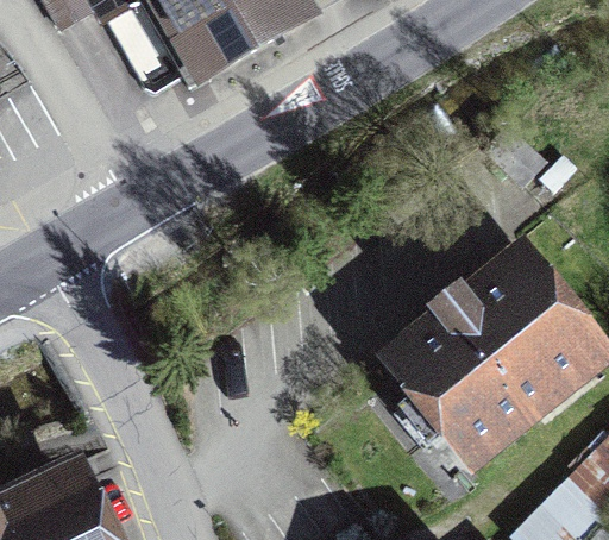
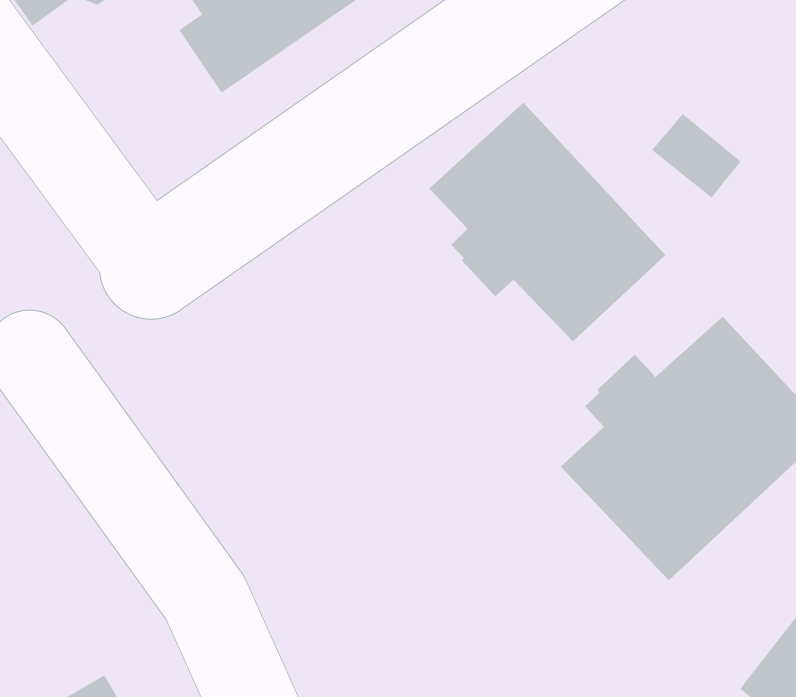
building: none -> [429,102,666,342]

